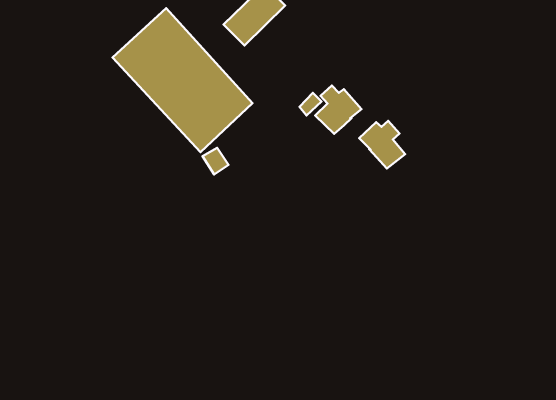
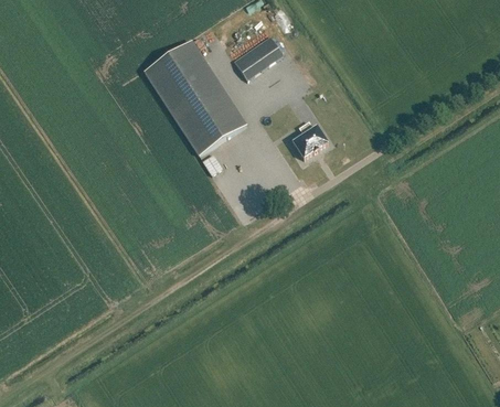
building: [359,121,405,168] -> none

